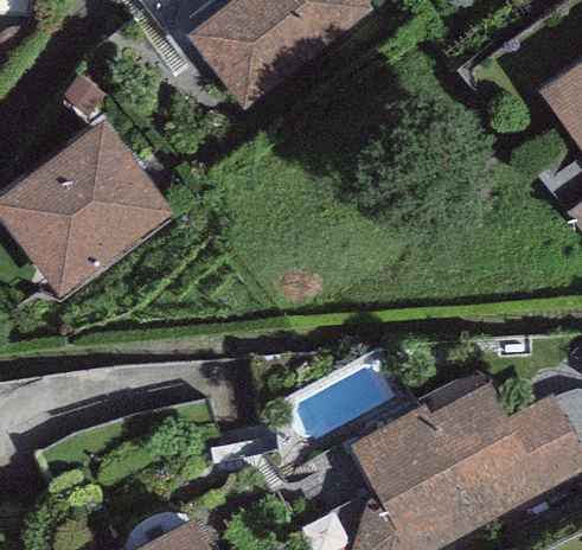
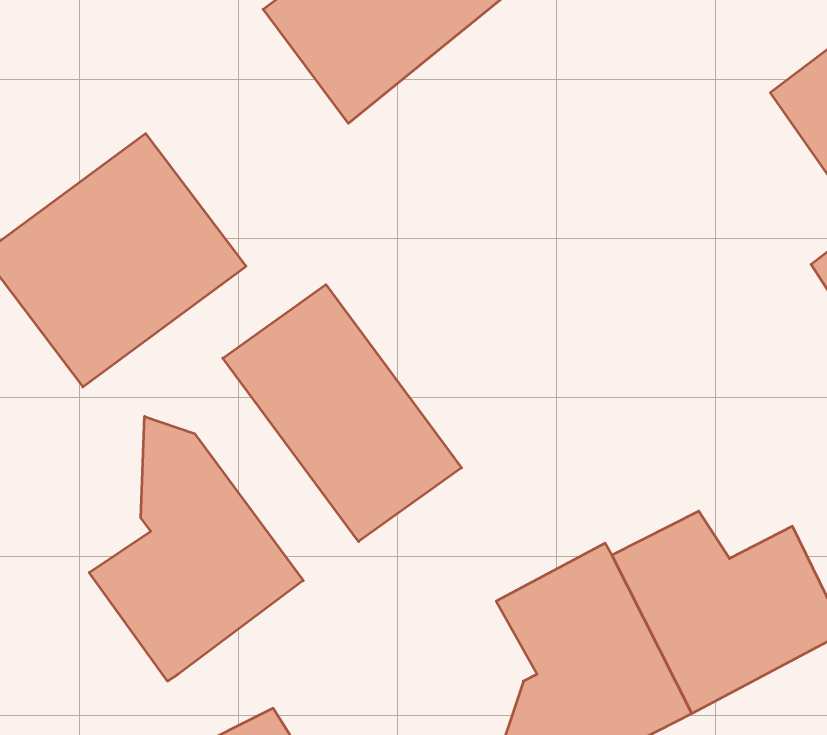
building: none -> [223,285,462,542]
building: none -> [89,416,303,681]

